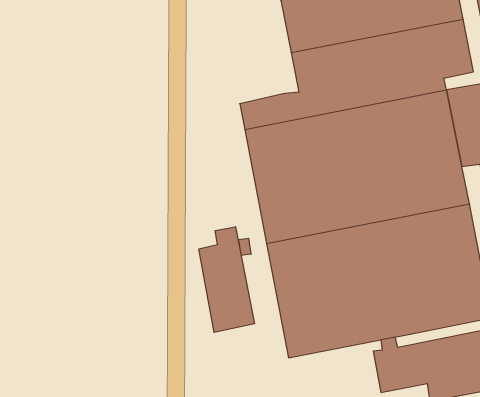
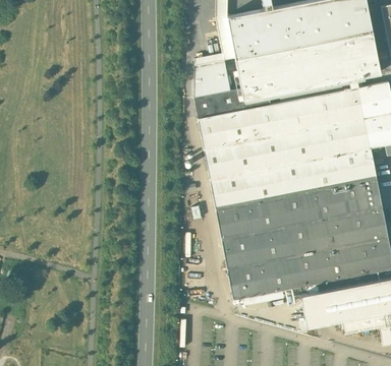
building: none -> [194,60,230,99]
building: [199,227,254,332] -> none

